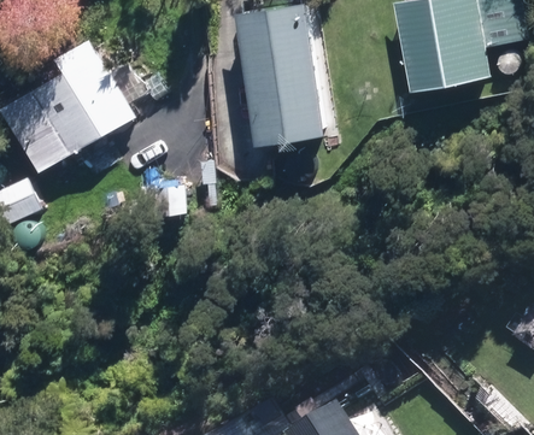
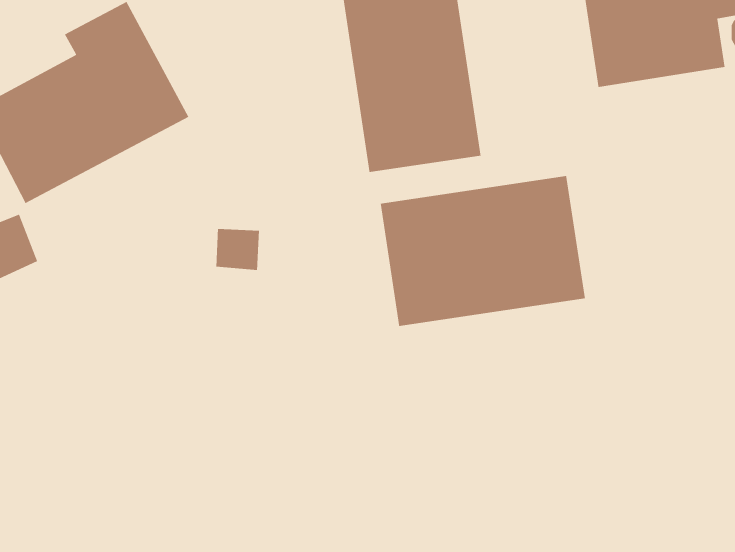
building: none -> [380,175,586,327]

